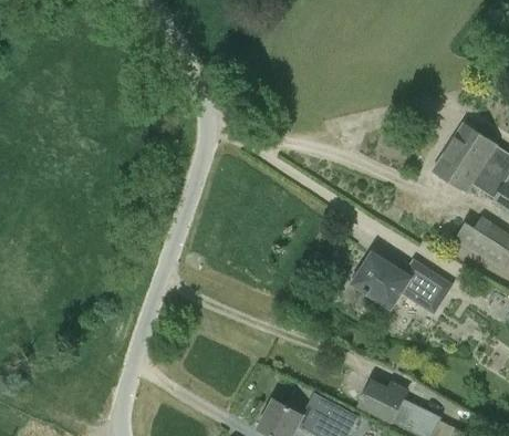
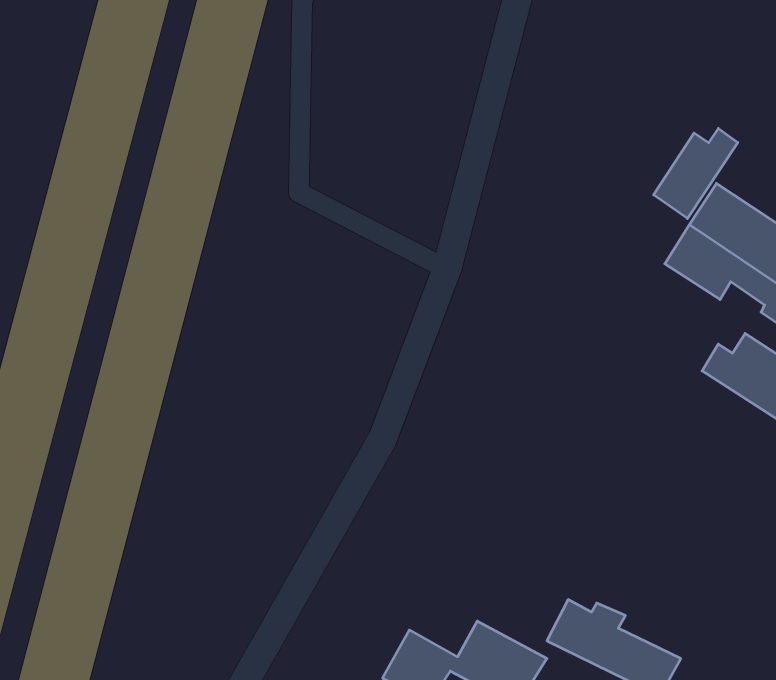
building: none -> [654,128,738,219]
building: [352,255,450,312] -> none

